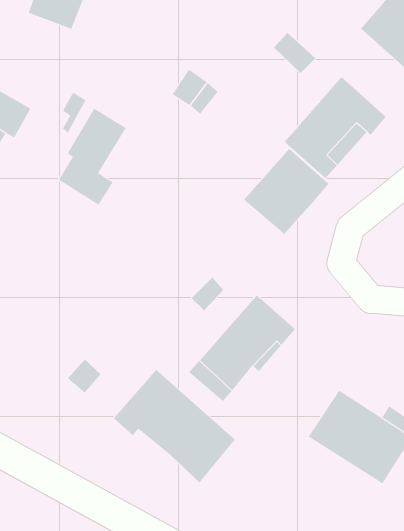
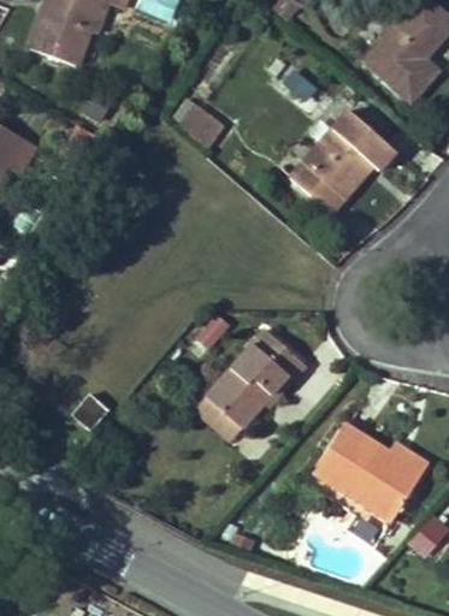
building: [58,108,127,206] -> none
building: [243,148,329,235] -> none
building: [113,369,236,483] -> none

